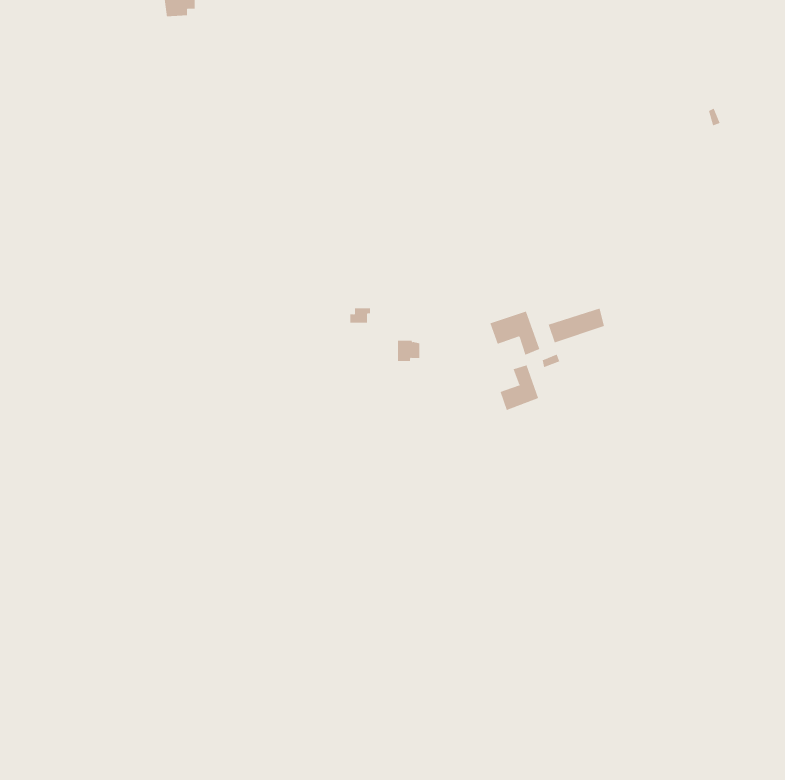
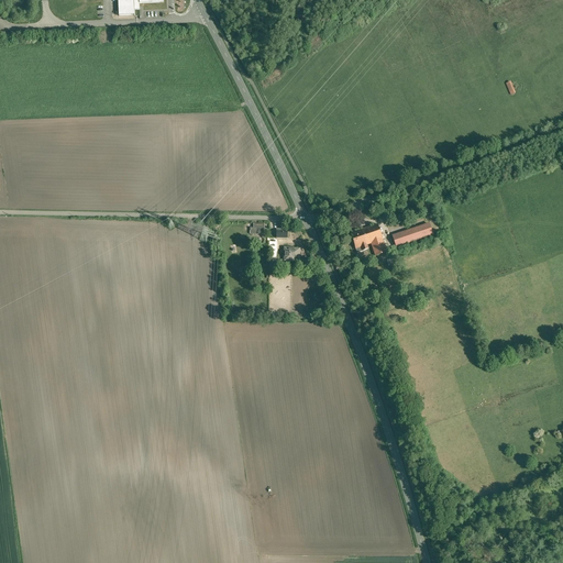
building: [500,364,539,411] -> none

